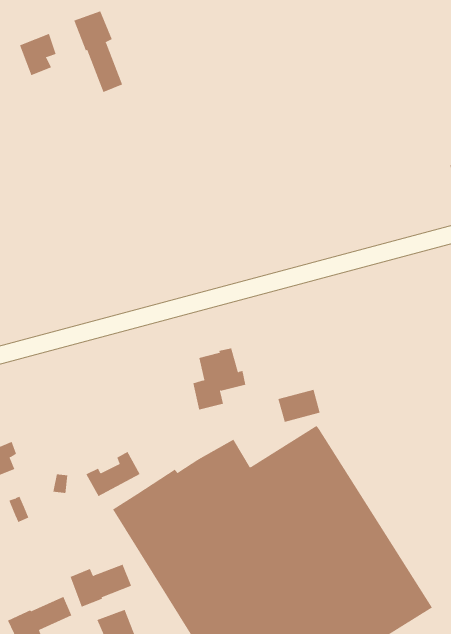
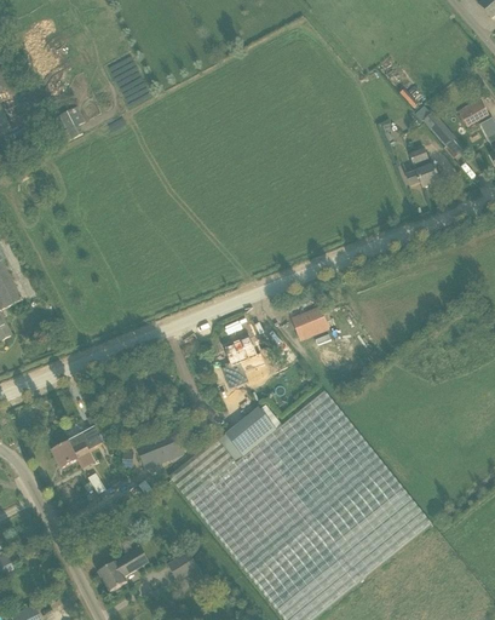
building: [74,10,123,93] -> none
building: [278,389,321,423] -> [292,308,327,337]
building: [70,564,132,608] -> none

